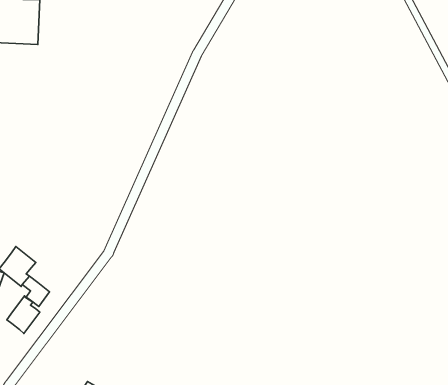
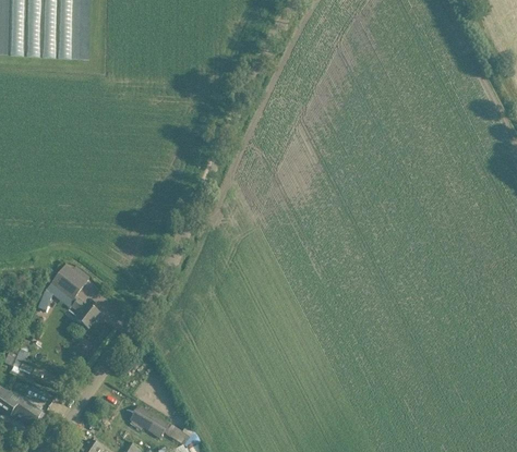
building: [7,296,40,333] -> none

